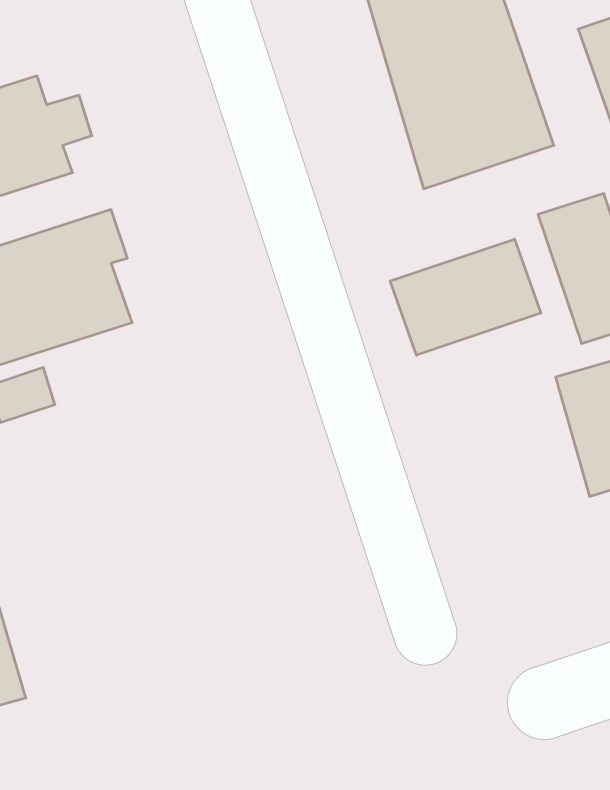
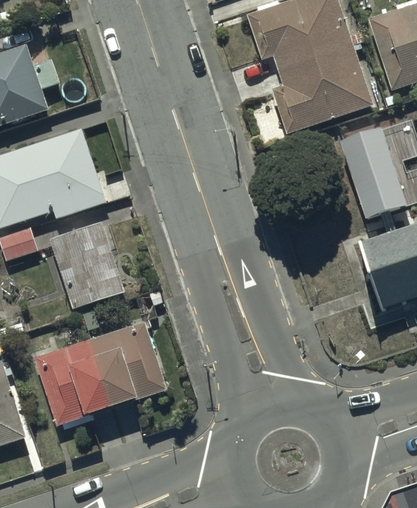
building: [390,239,541,355] -> none
building: none -> [54,223,133,313]
building: none -> [36,324,169,427]

